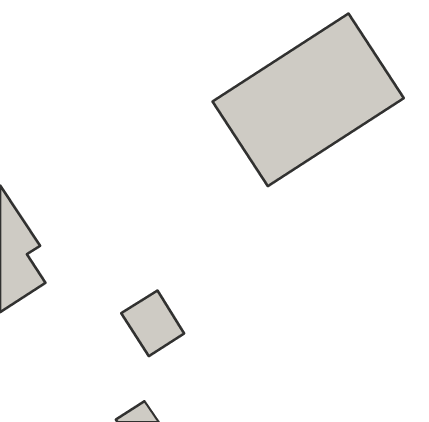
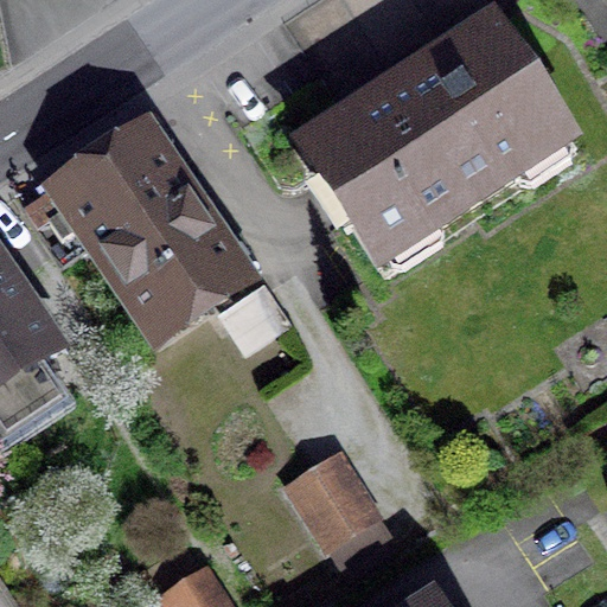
building: none -> [50,136,260,333]
building: [121,291,184,356] -> [288,452,377,544]

